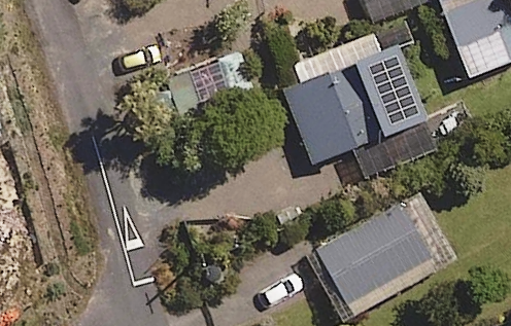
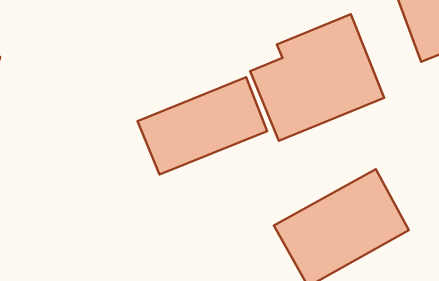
building: none -> [138,77,267,174]

